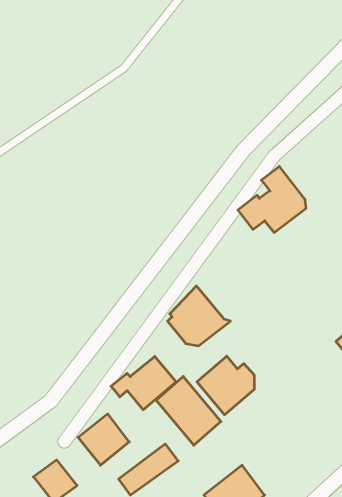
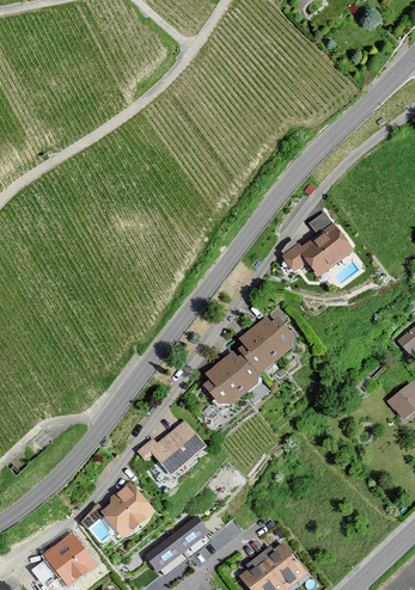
building: [197,356,254,415] -> [230,312,294,377]
building: [156,376,221,445] -> none

